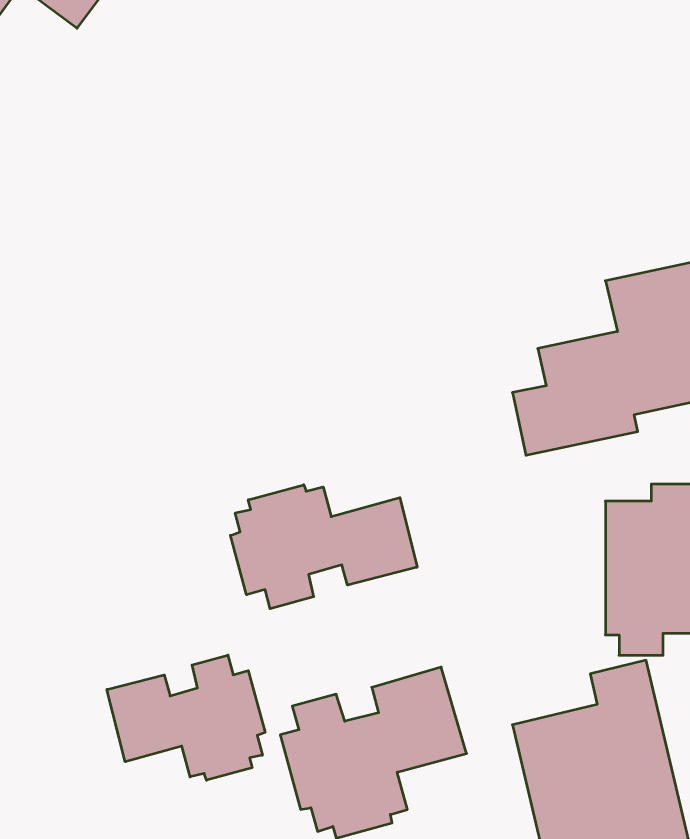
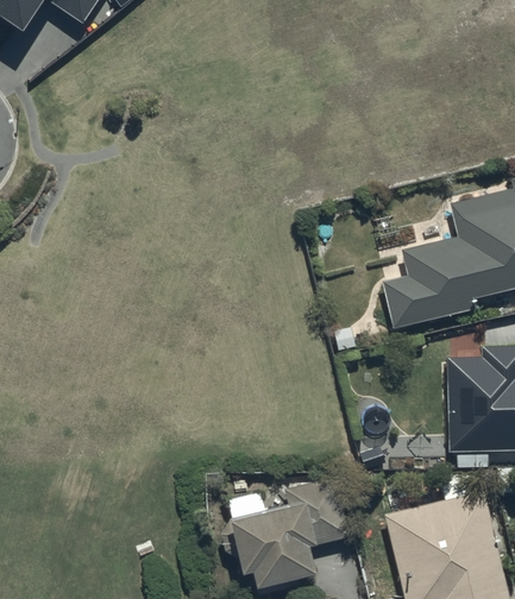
building: [230,485,417,609] -> none
building: [107,655,265,780] -> none

